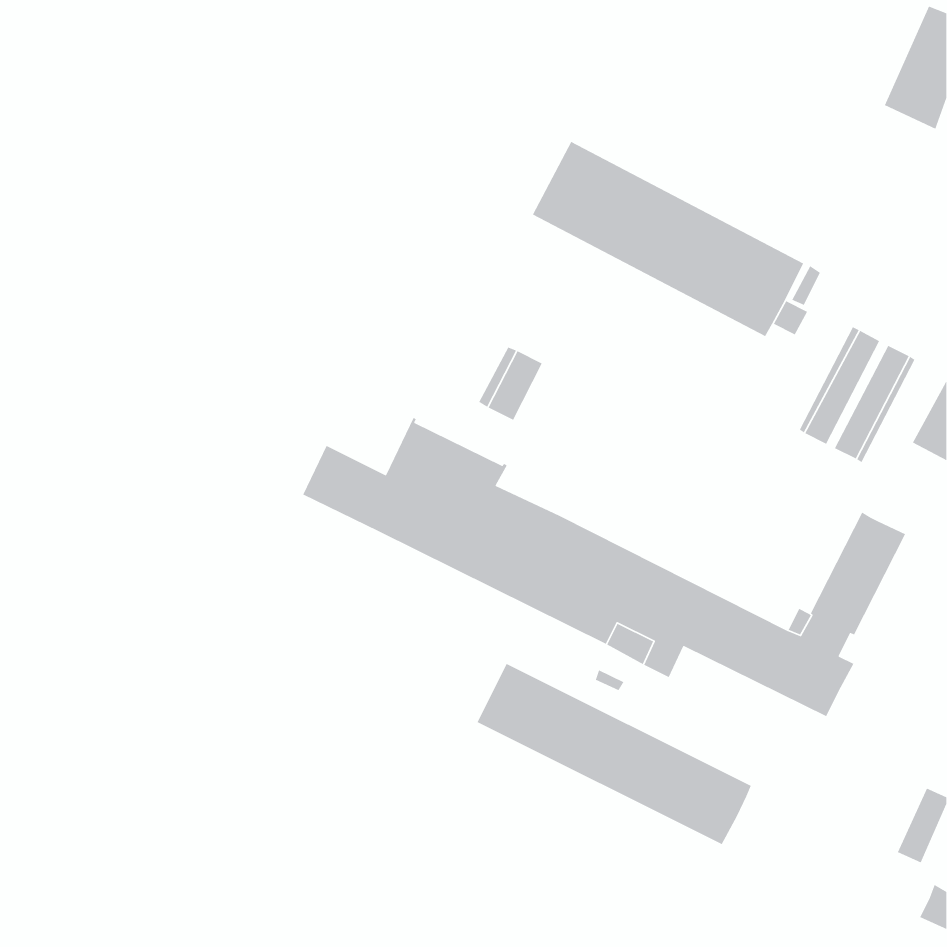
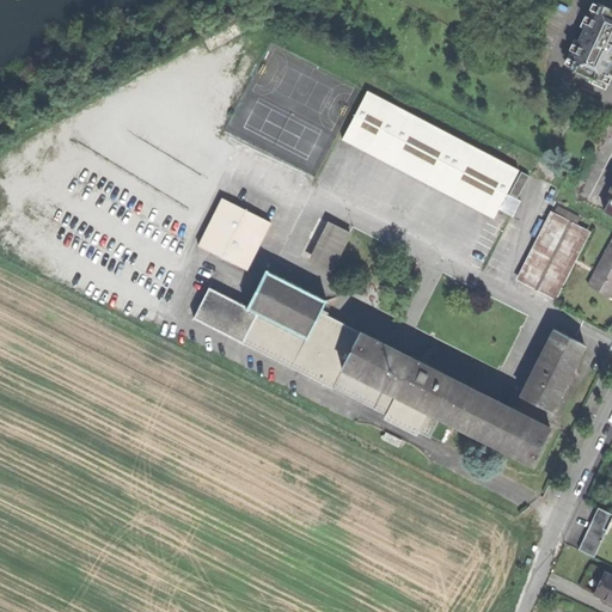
building: none -> [198,198,271,271]
building: [477,663,752,845] -> none

